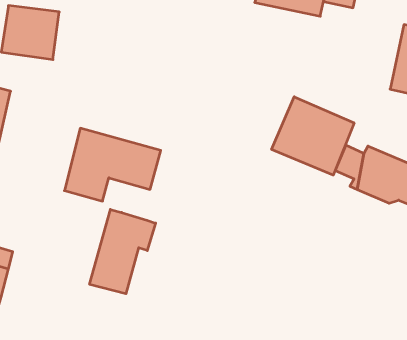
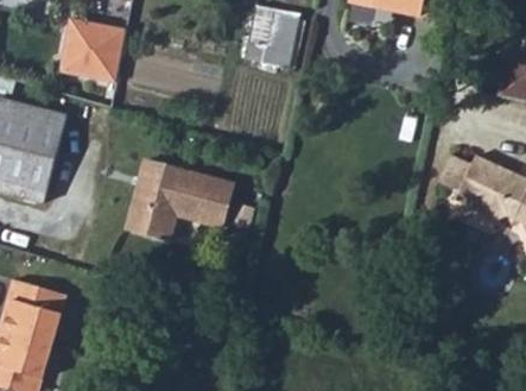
building: none -> [245,14,291,56]
building: [272,97,354,175] -> none
building: [90,209,156,294] -> none

